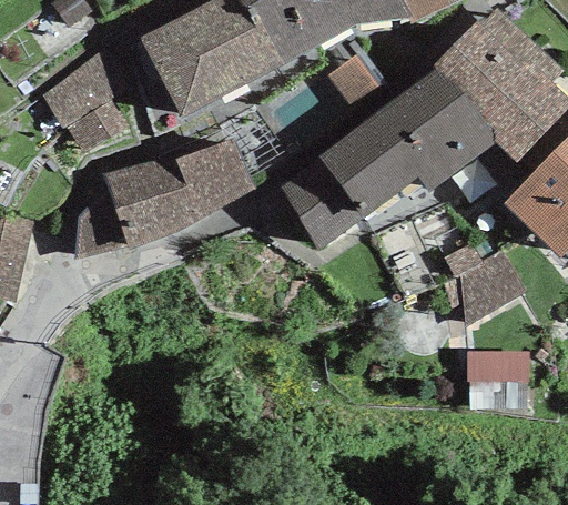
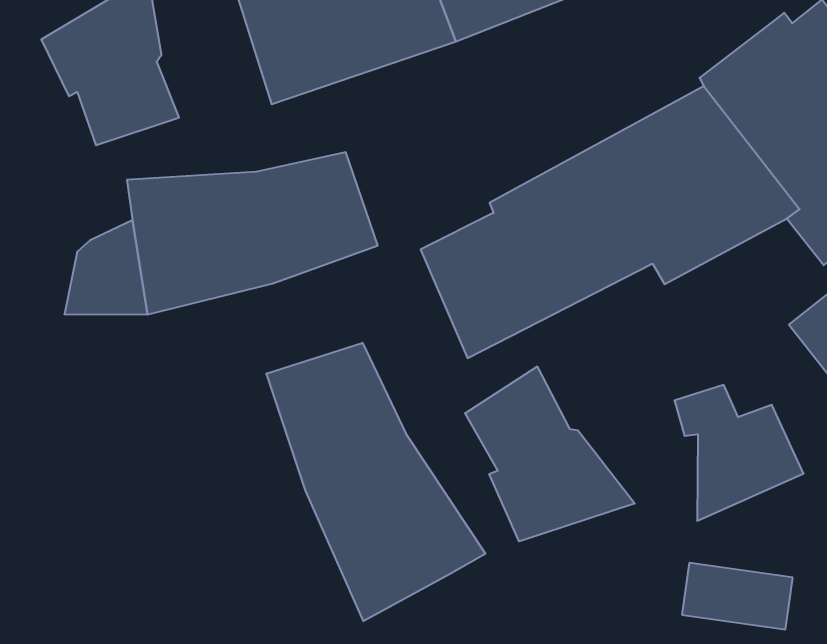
building: none -> [465,366,635,541]
building: none -> [266,343,485,621]

